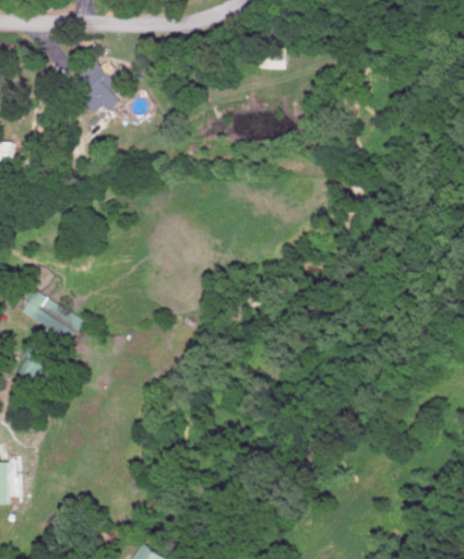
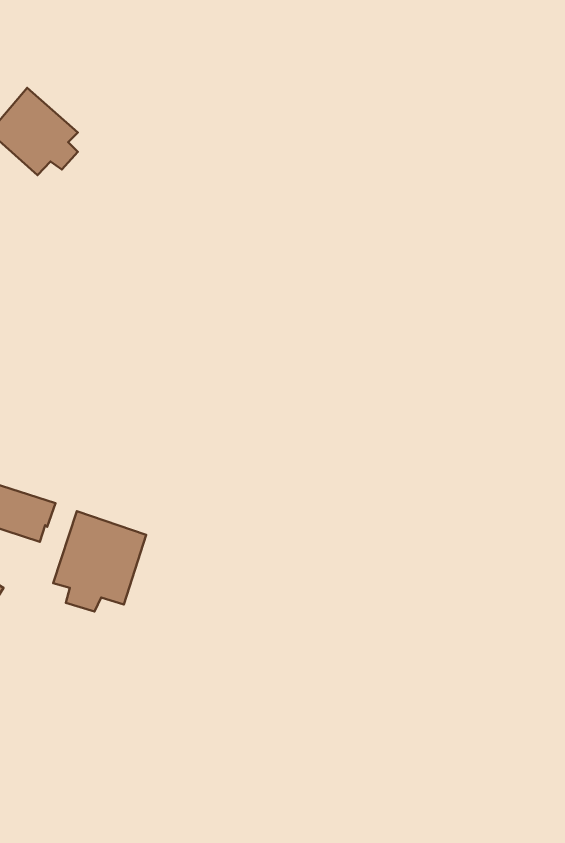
building: none -> [53,511,146,612]

